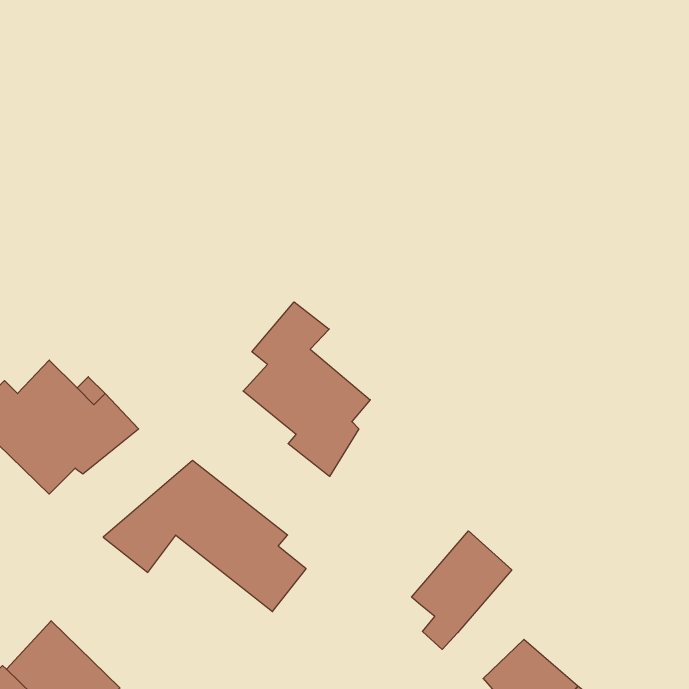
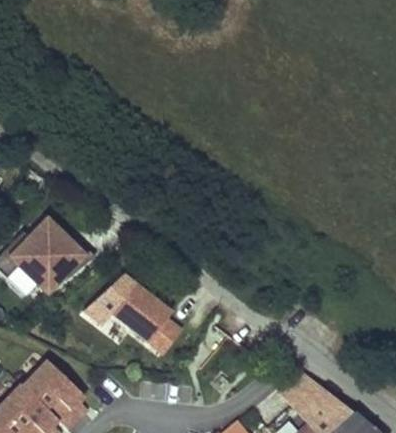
building: [243,302,370,476] -> none
building: [412,531,512,649] -> none

